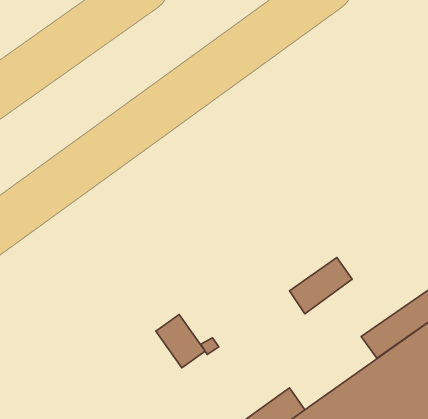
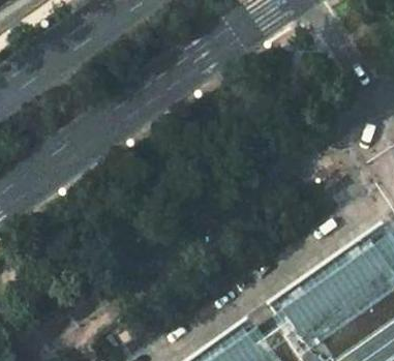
building: [289,257,352,314] -> [269,281,320,327]
building: [156,315,205,368] -> none

